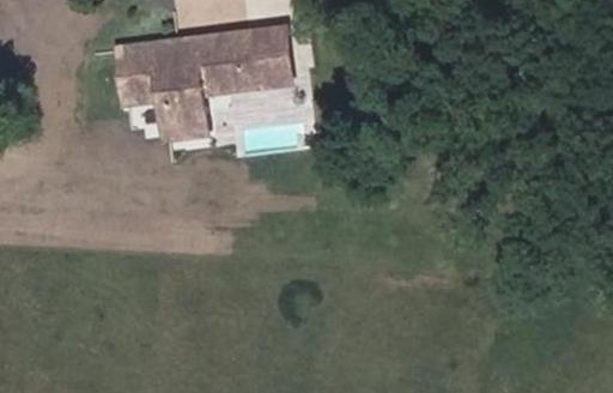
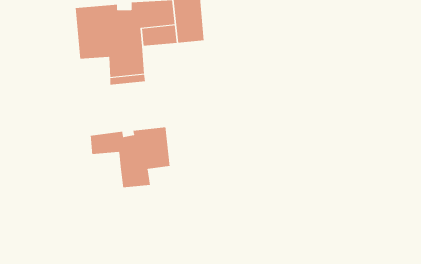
building: none -> [90,127,170,188]

